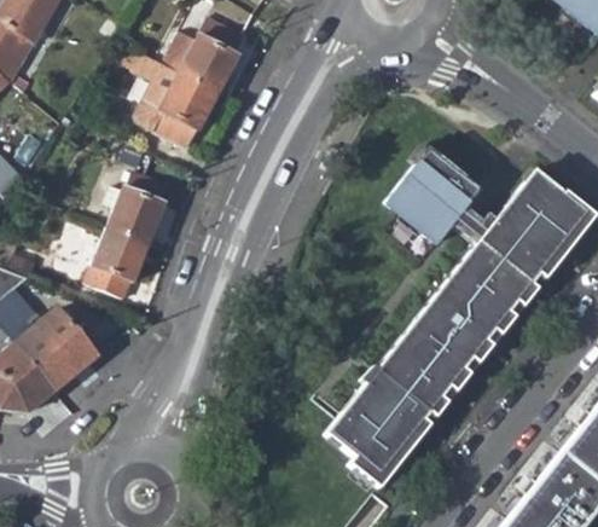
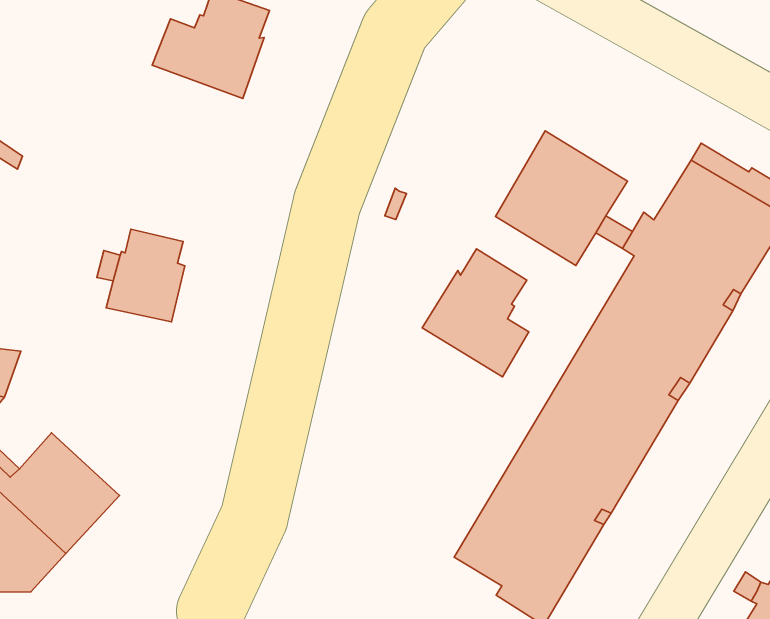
building: [129,52,220,151] -> none
building: none -> [422,249,529,377]
building: [83,227,150,300] -> none

